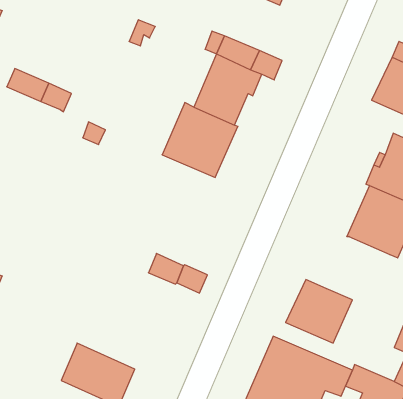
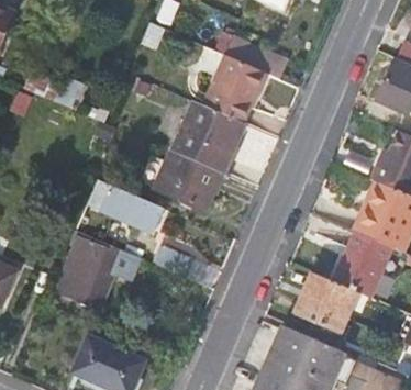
building: none -> [156,152,223,212]
building: none -> [86,179,164,229]
building: none -> [331,231,392,299]
building: none -> [58,232,141,300]

